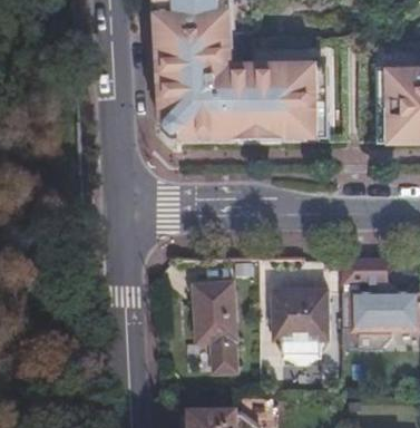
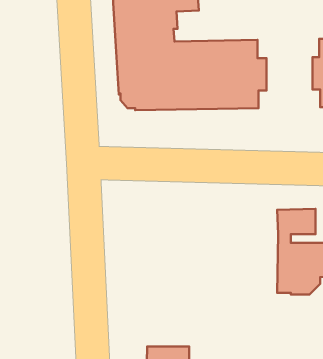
building: [192,286,234,368] -> none
building: [273,291,328,341] -> none

